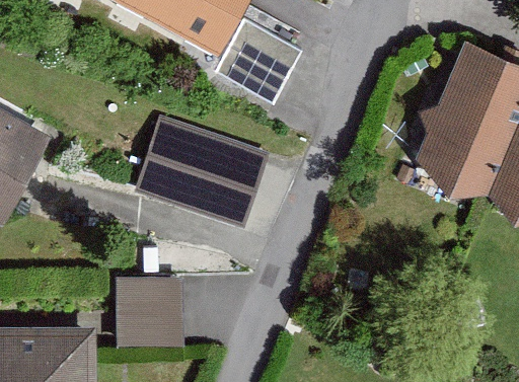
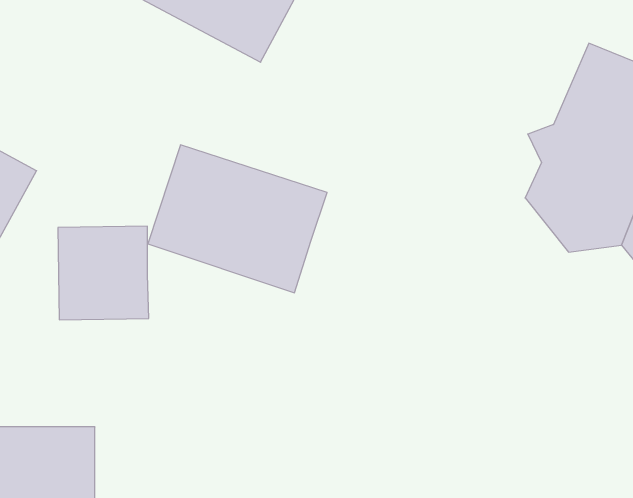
building: [215,19,299,101] -> none
building: [115,276,182,346] -> [58,226,149,320]

